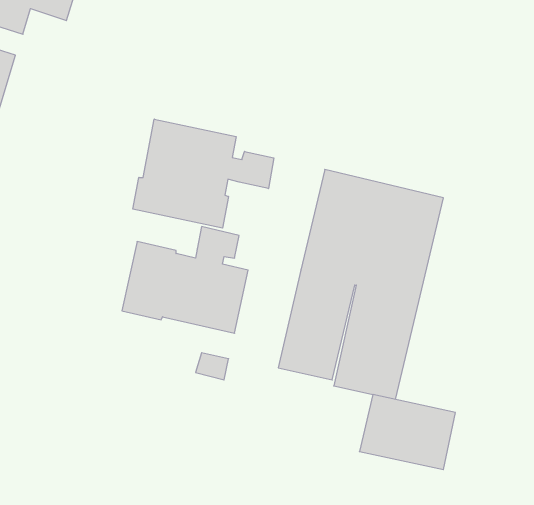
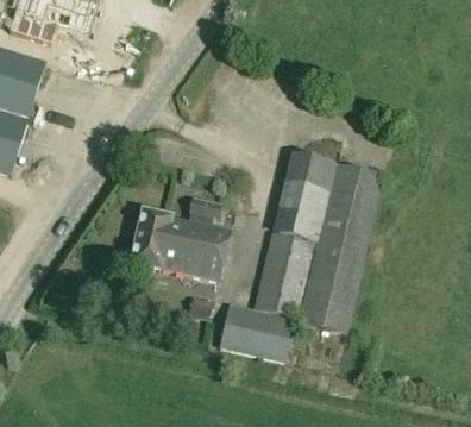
building: [133,119,274,228] -> none
building: [359,394,455,470] -> [219,302,295,362]

